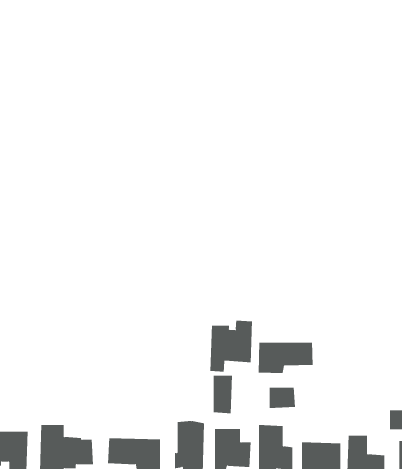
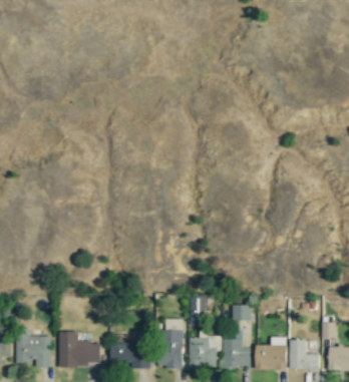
building: [210,320,253,373] -> none
building: [258,342,313,374] -> none

